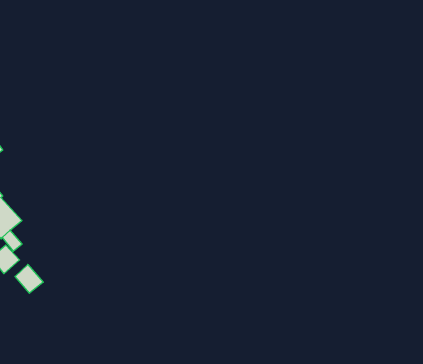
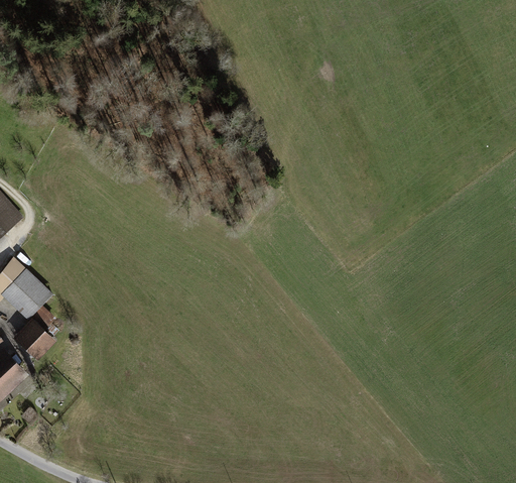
building: [15,264,43,293] -> none

